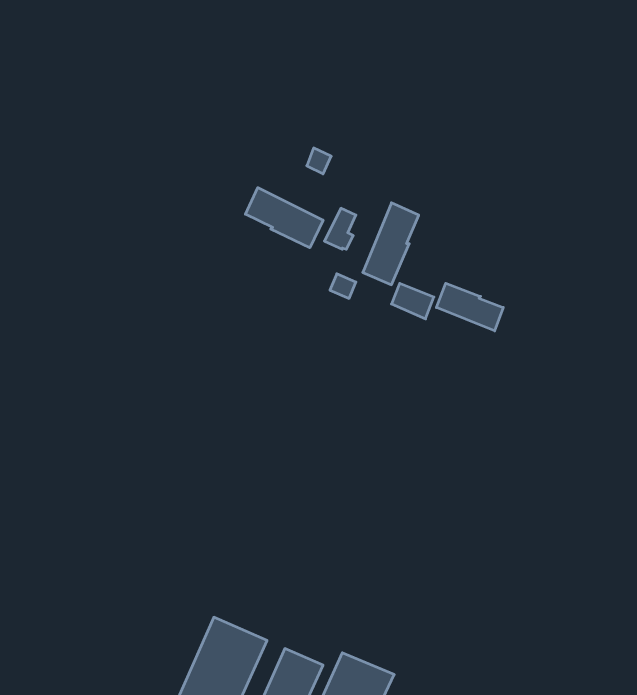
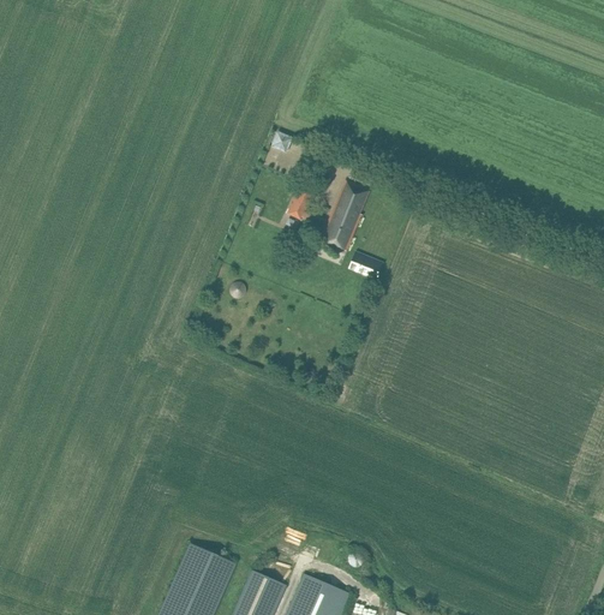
building: [245,188,323,248] -> none
building: [436,283,503,331] -> none

